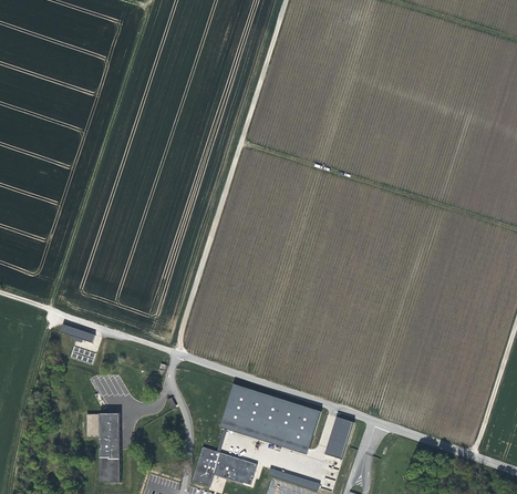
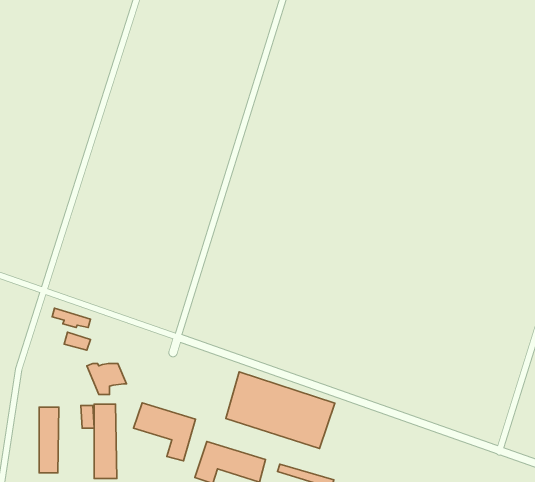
building: none -> [133,403,196,461]
building: none -> [39,407,59,473]
building: [324,415,354,459] -> none

